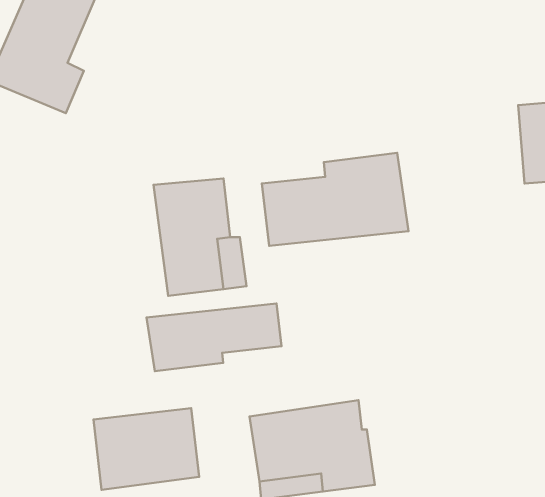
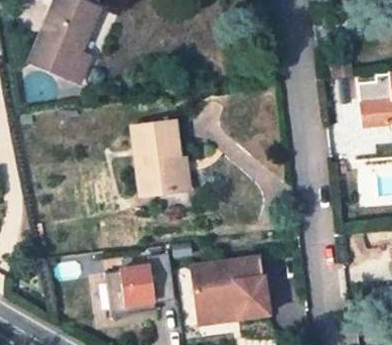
building: [262,153,408,246] -> none
building: [146,304,281,371] -> none

